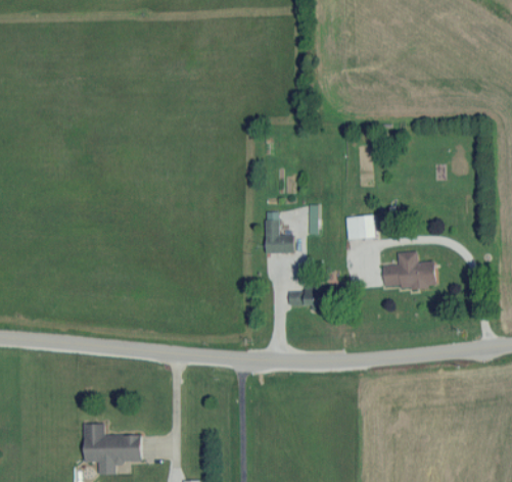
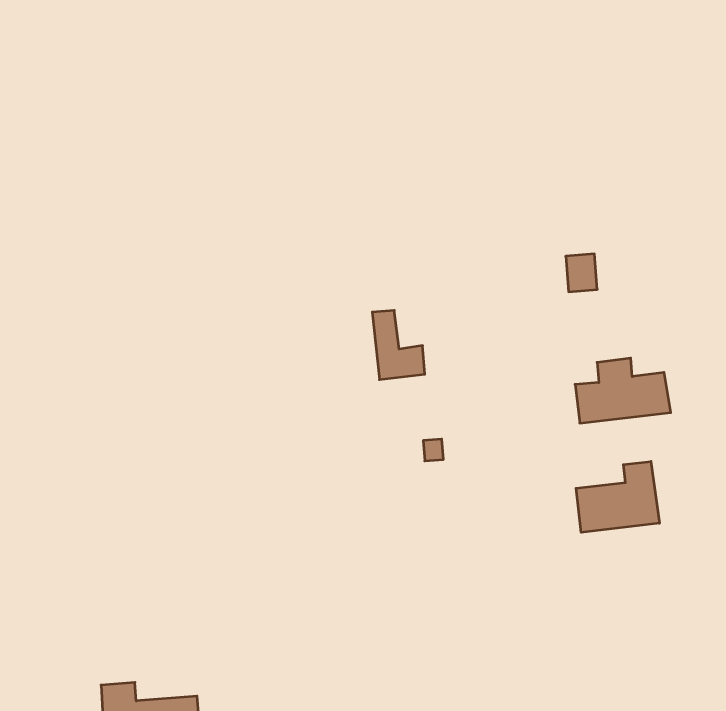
building: [359,215,376,237] -> [566,254,597,292]
building: none -> [576,461,659,532]

